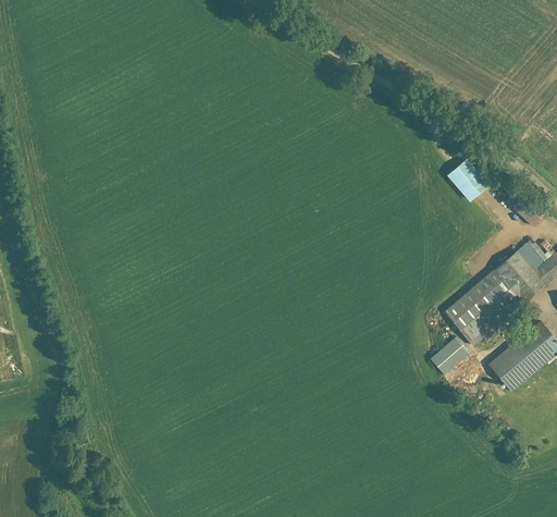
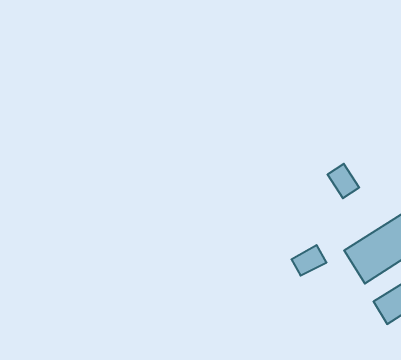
building: [449,158,488,198] -> [327,164,359,198]
building: [430,336,471,374] -> [291,245,327,276]

